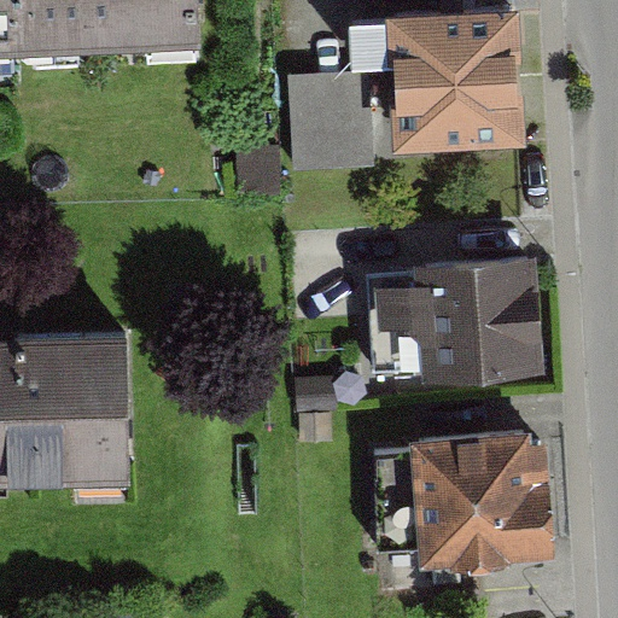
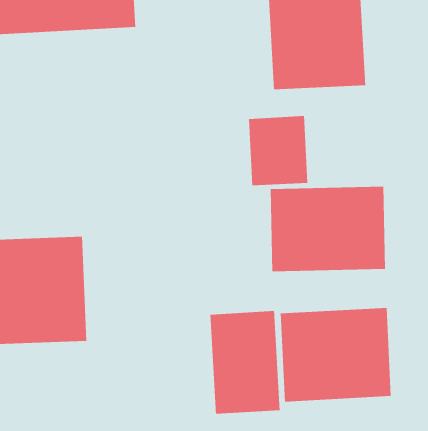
building: [284,62,369,162] -> [248,116,308,186]
building: none -> [210,310,280,415]

